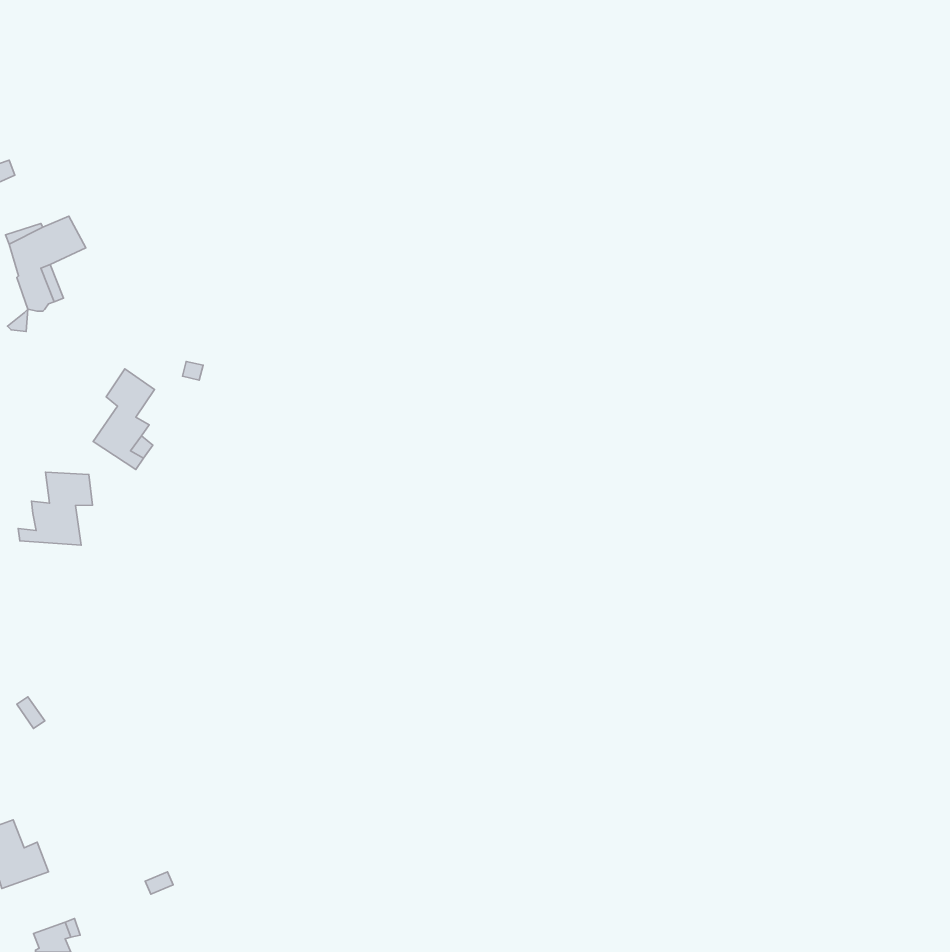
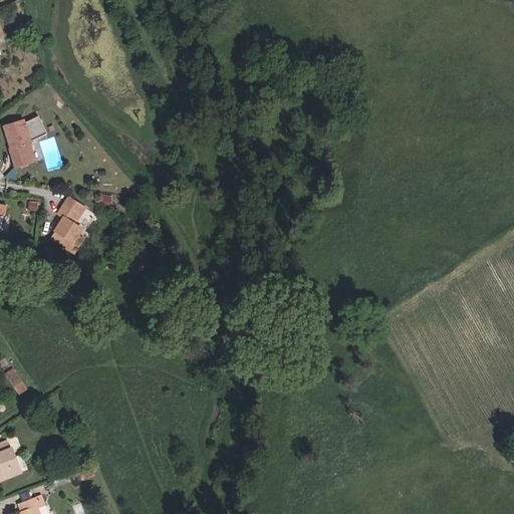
building: [18,472,93,545] -> none

